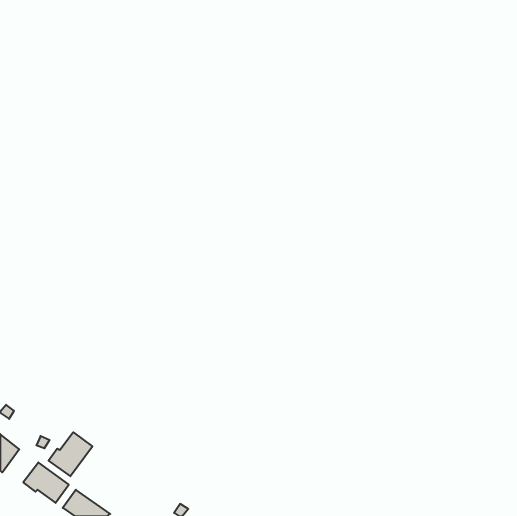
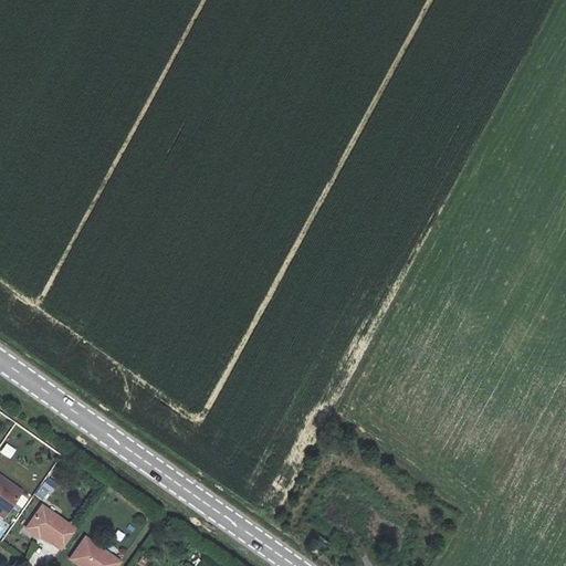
building: [49,432,92,476] -> none

